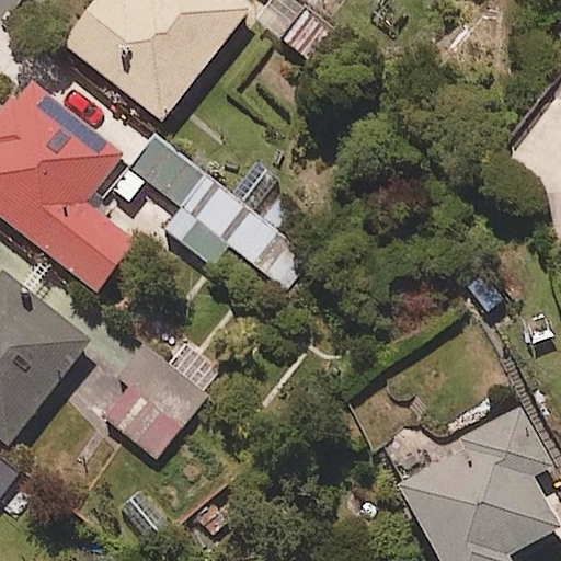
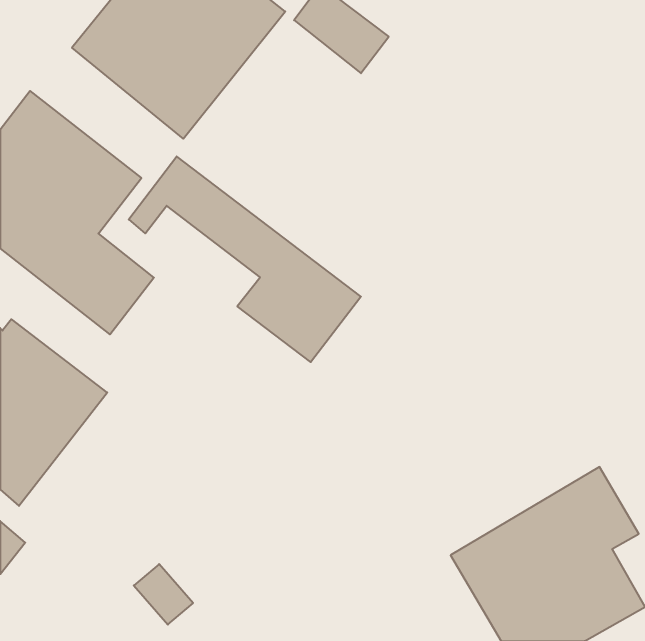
building: [89,342,206,458] -> none

